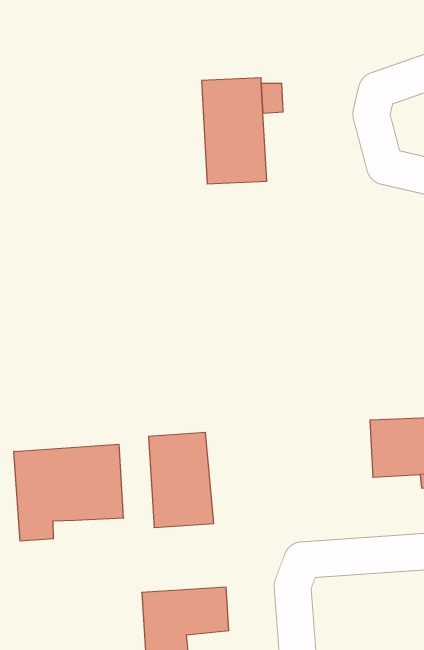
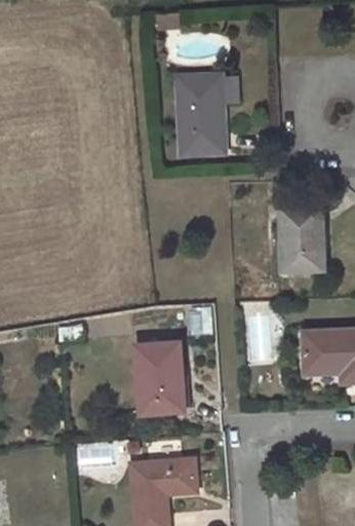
building: none -> [279,208,324,273]
building: [14,444,123,541] -> none

